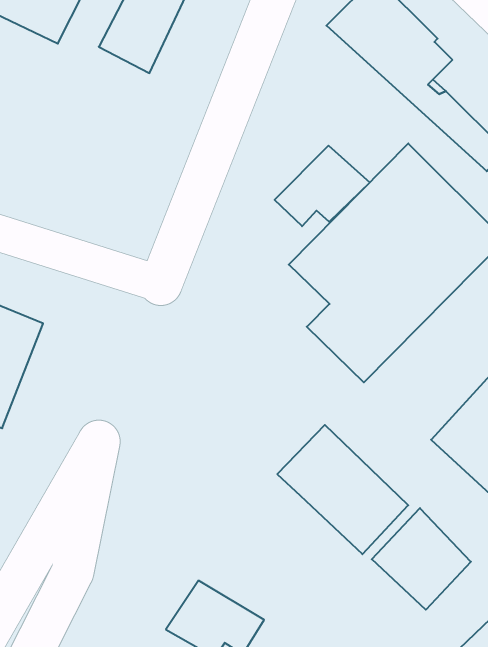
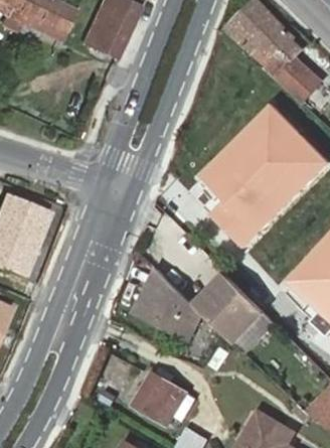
building: [275,146,370,226] -> none
building: none -> [128,266,205,345]
building: [372,508,471,610] -> none

